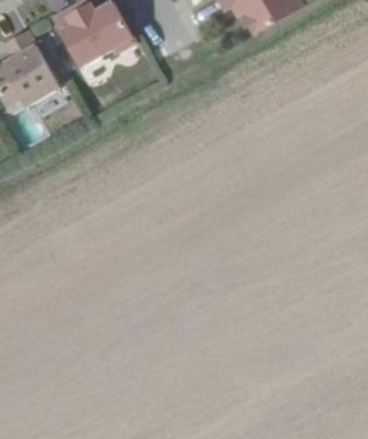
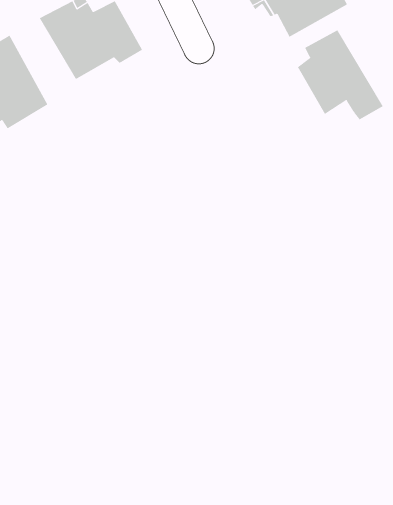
building: none -> [297,29,384,120]

